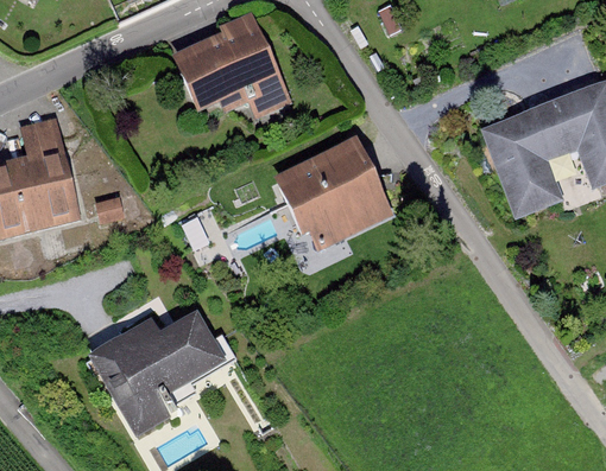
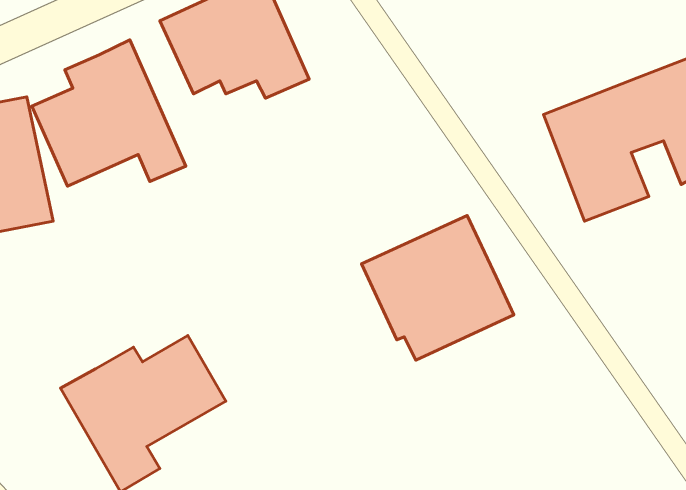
building: none -> [32,40,186,186]
building: [272,134,396,252] -> [362,215,514,360]

